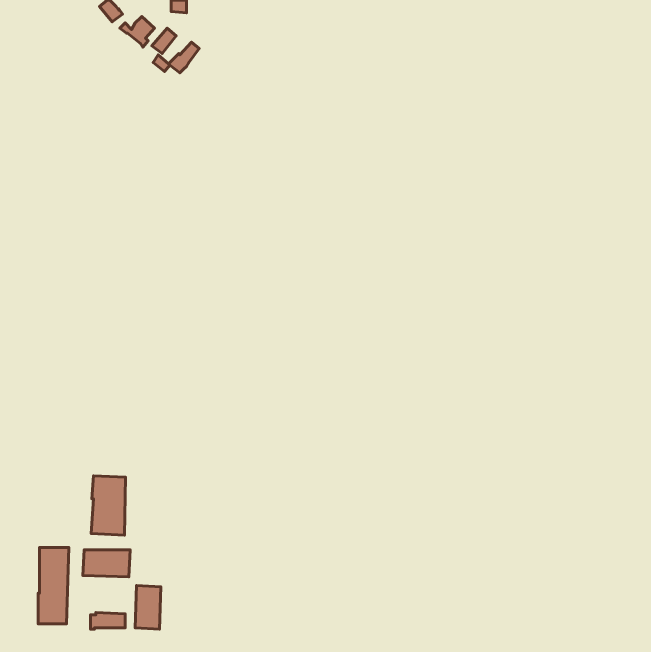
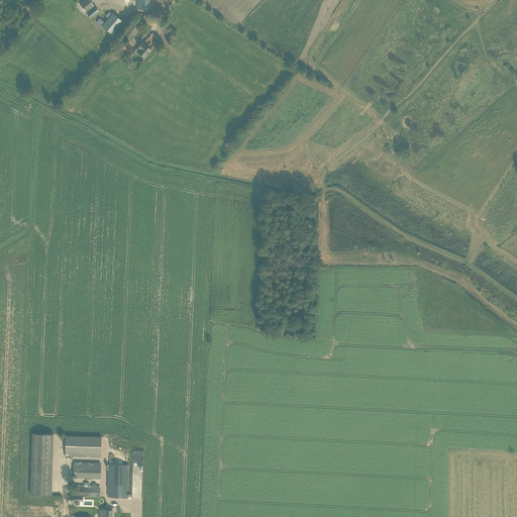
building: [91,476,126,535] -> none
building: none -> [73,461,101,478]

